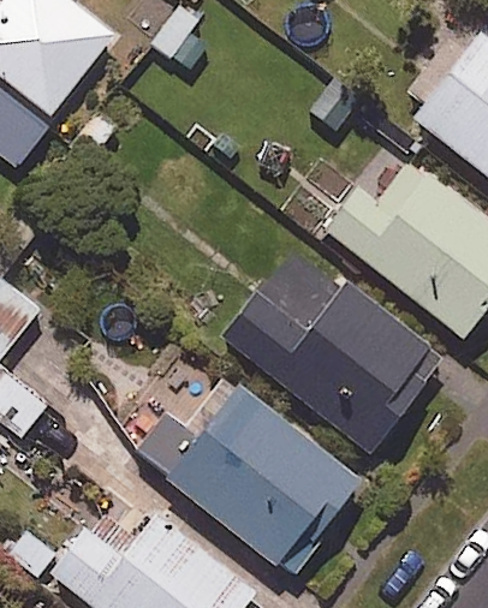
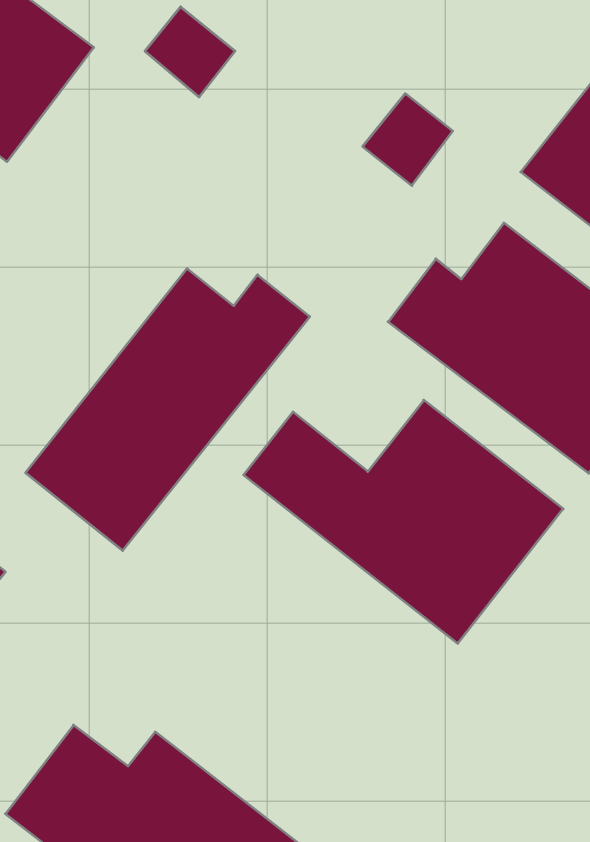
building: none -> [26,269,310,551]
building: [136,387,361,572] -> none

